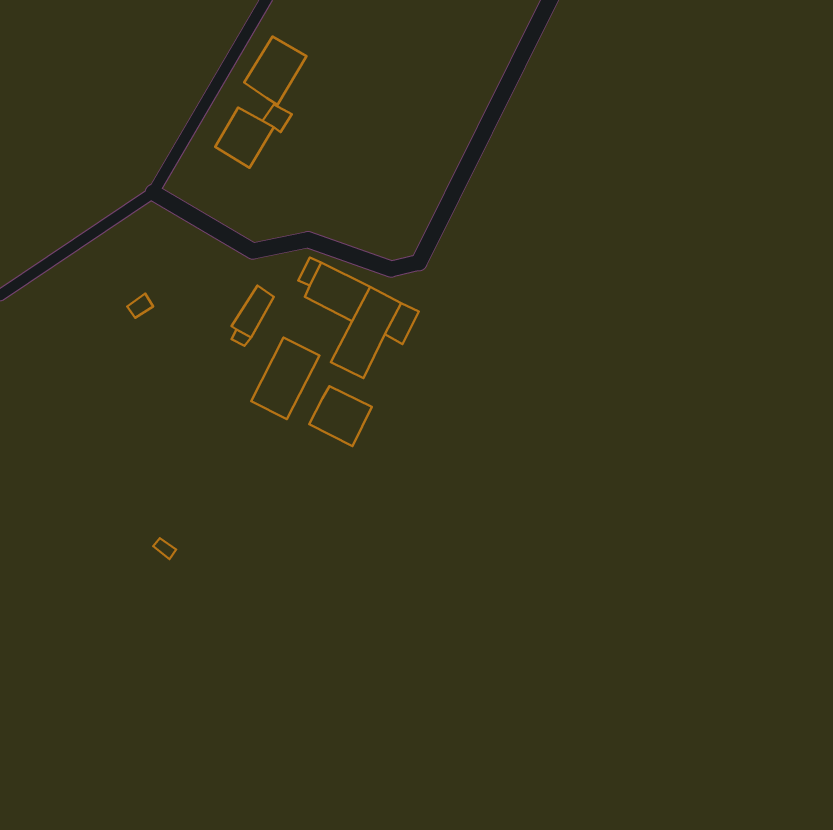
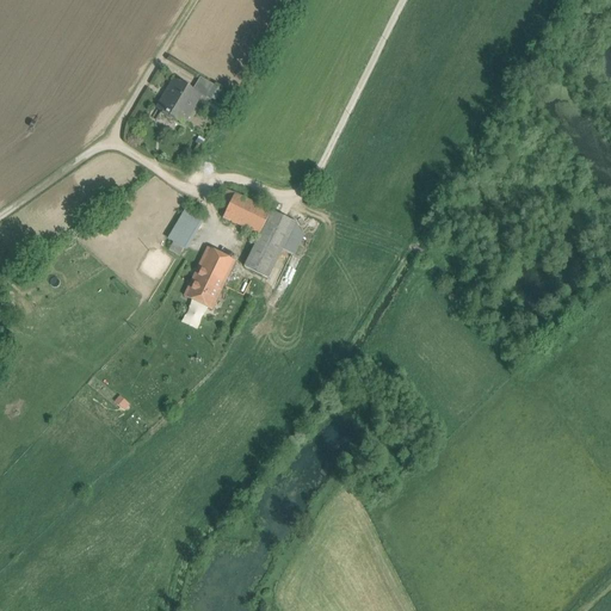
building: [244,36,307,105] -> none
building: [309,386,372,446] -> none

